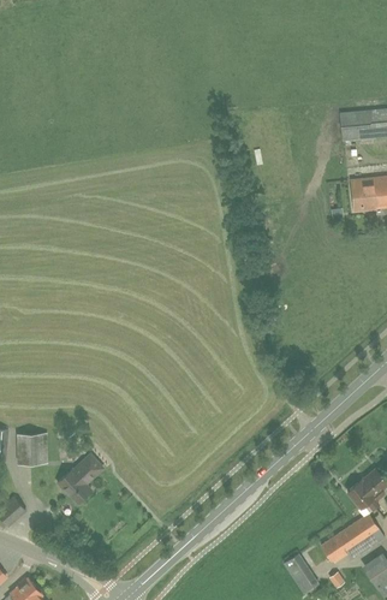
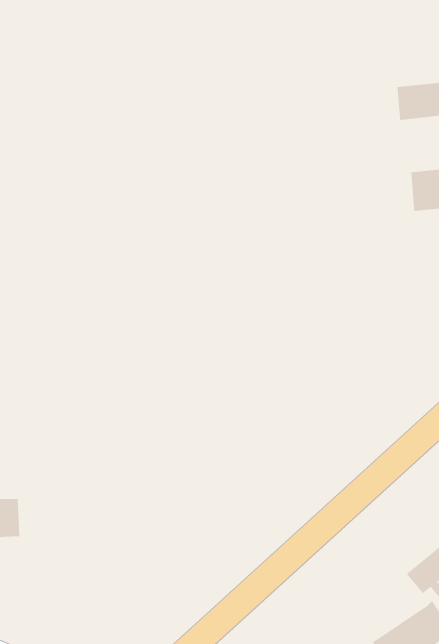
building: [58,453,103,501] -> none

